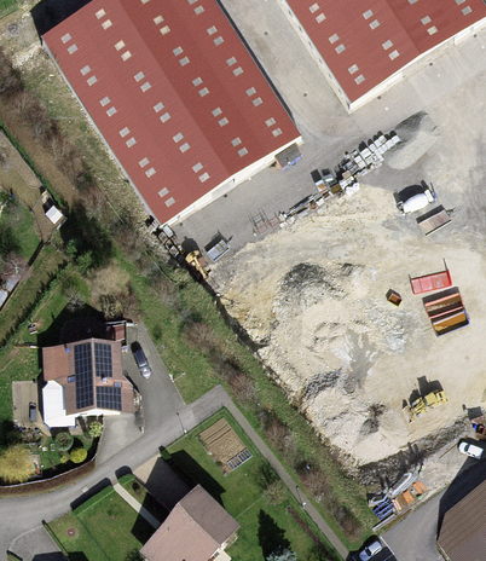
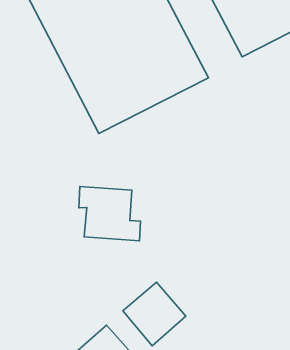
building: [42,343,131,412] -> [79,187,141,241]
building: none -> [123,282,186,346]

